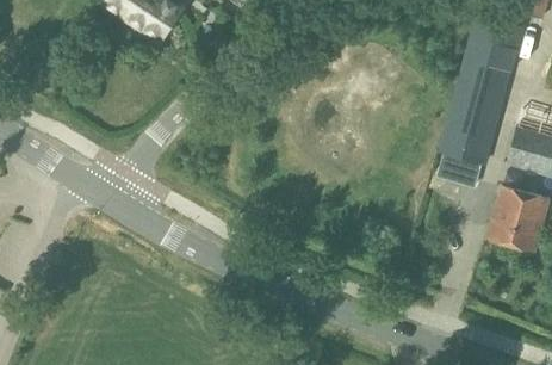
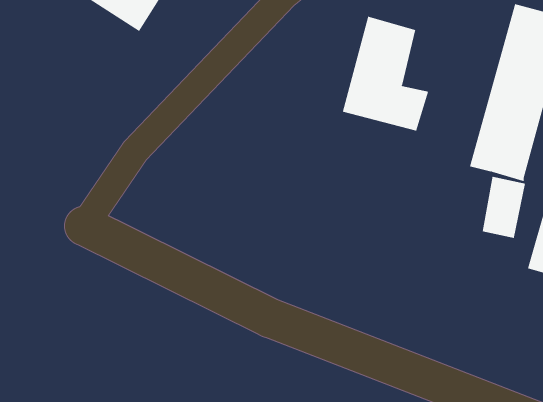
building: none -> [342,16,429,132]

